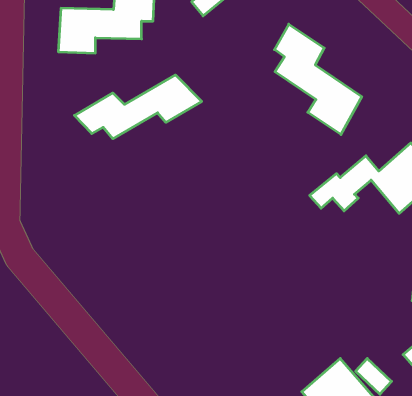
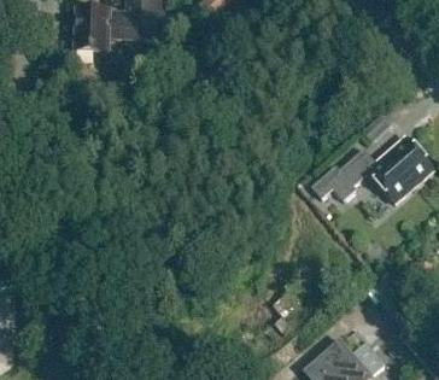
building: [274,24,362,135] -> none
building: [74,75,202,139] -> none

